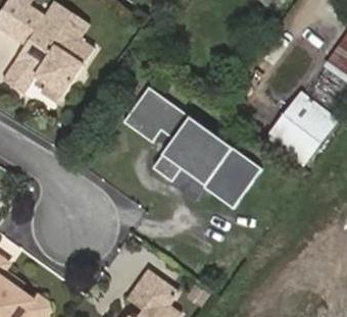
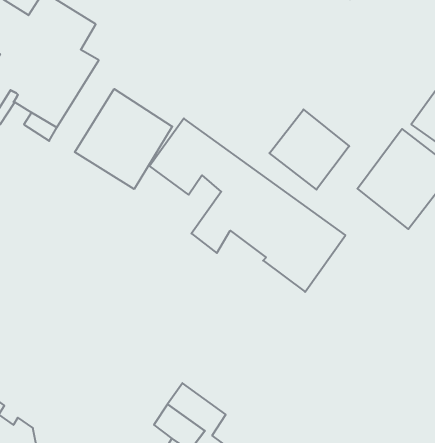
building: none -> [75,89,172,189]
building: none -> [269,109,349,190]

